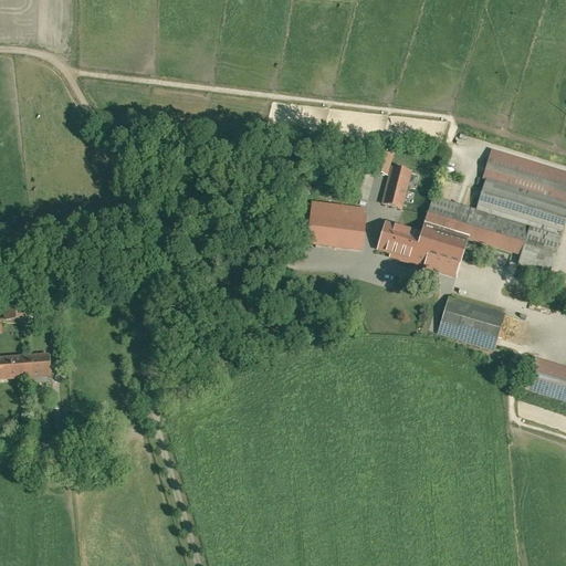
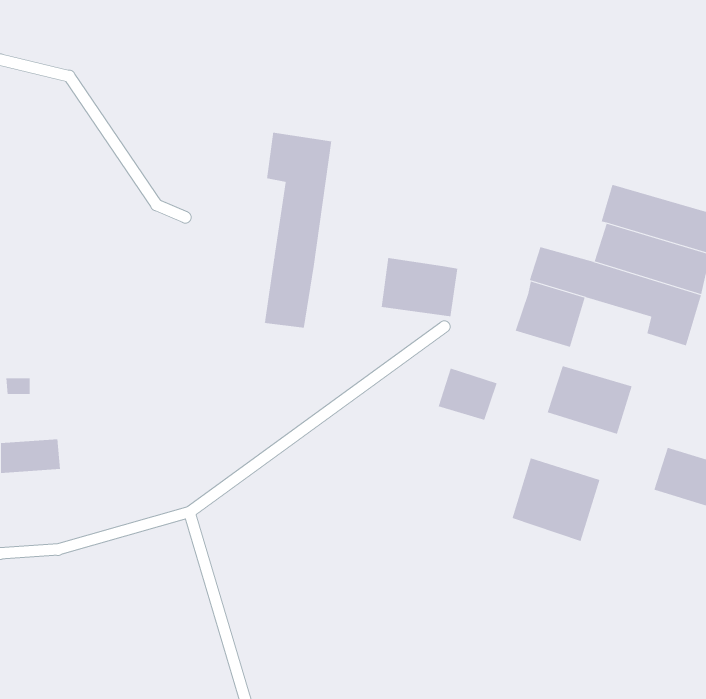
building: none -> [264,132,332,329]
building: [381,166,411,206] -> none
building: [375,222,422,264] -> [438,368,497,420]
building: none -> [512,458,600,542]

